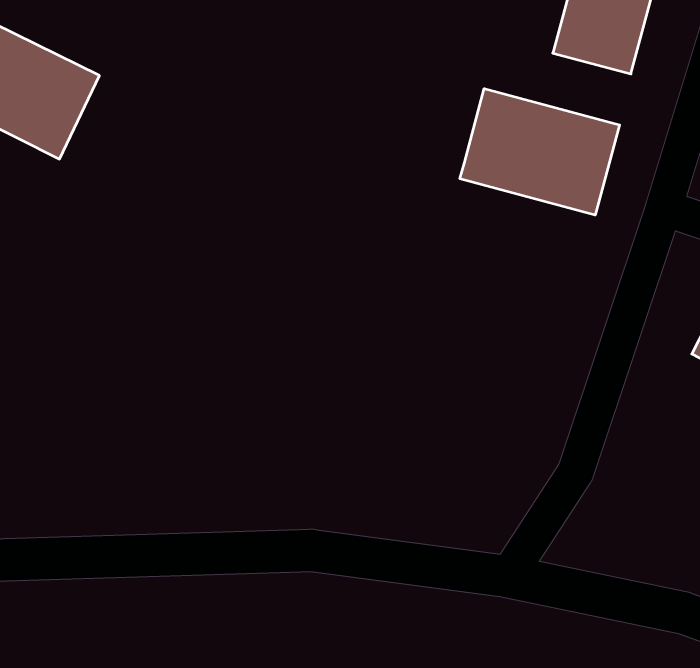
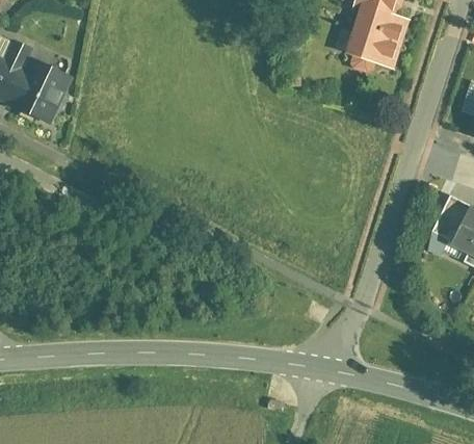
building: [460,89,620,215] -> none

